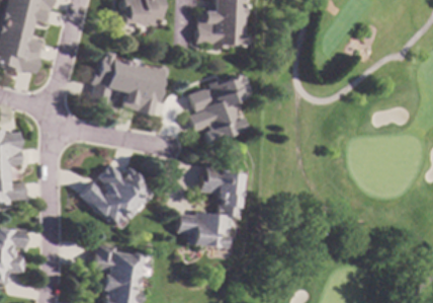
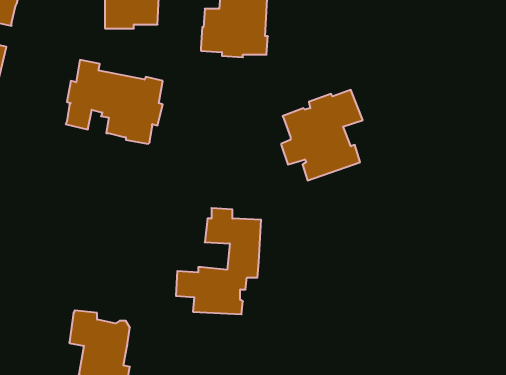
building: [186,74,249,144] -> [281,90,363,180]
building: [80,163,152,225] -> none

